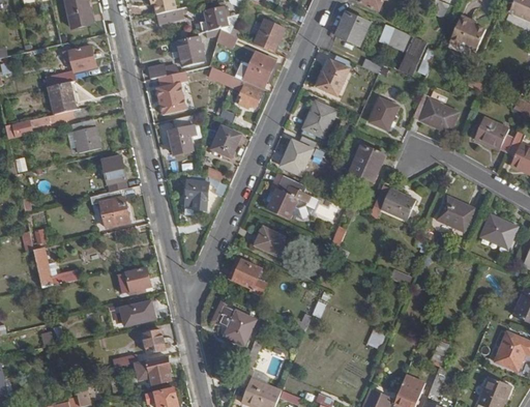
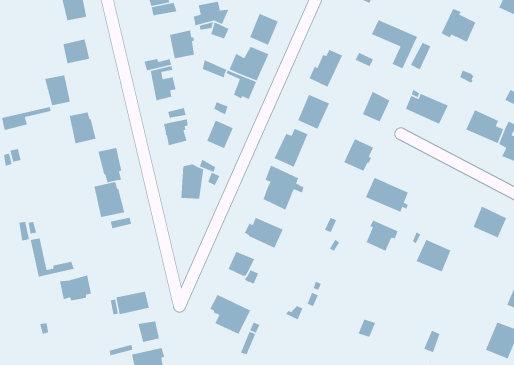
building: [335,12,369,46] -> none
building: [436,197,472,231] -> [416,239,451,273]
building: none -> [366,219,398,252]
building: [118,267,151,294] -> [59,275,92,301]

